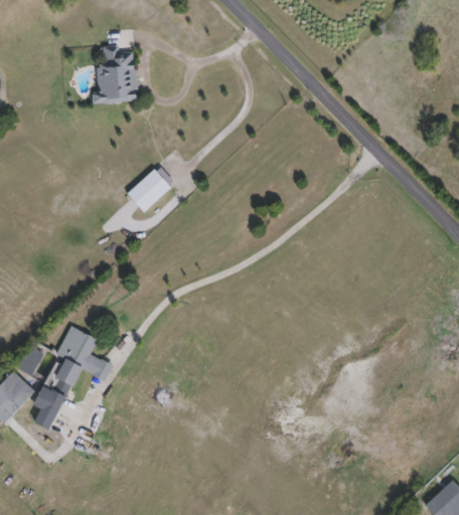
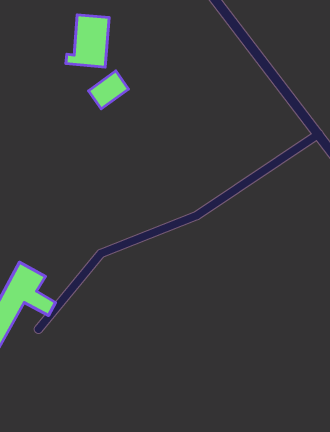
building: [127,168,170,211] -> [89,71,129,109]

